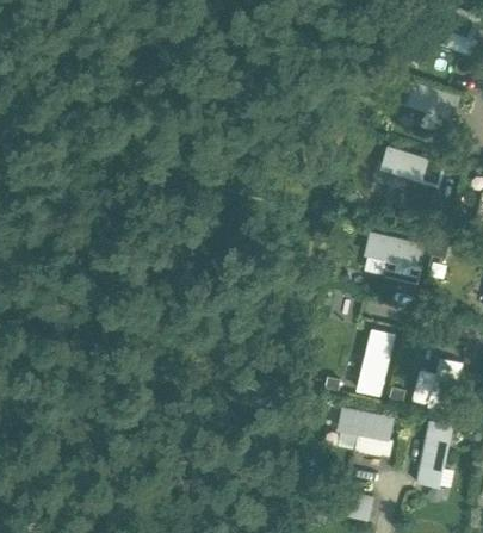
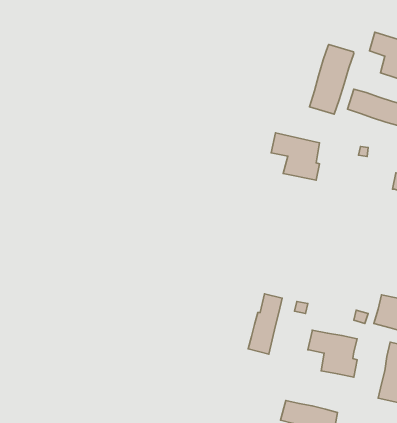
building: none -> [310,44,354,114]
building: [367,235,420,286] -> [271,133,320,180]
building: [357,330,394,396] -> [248,294,282,354]

